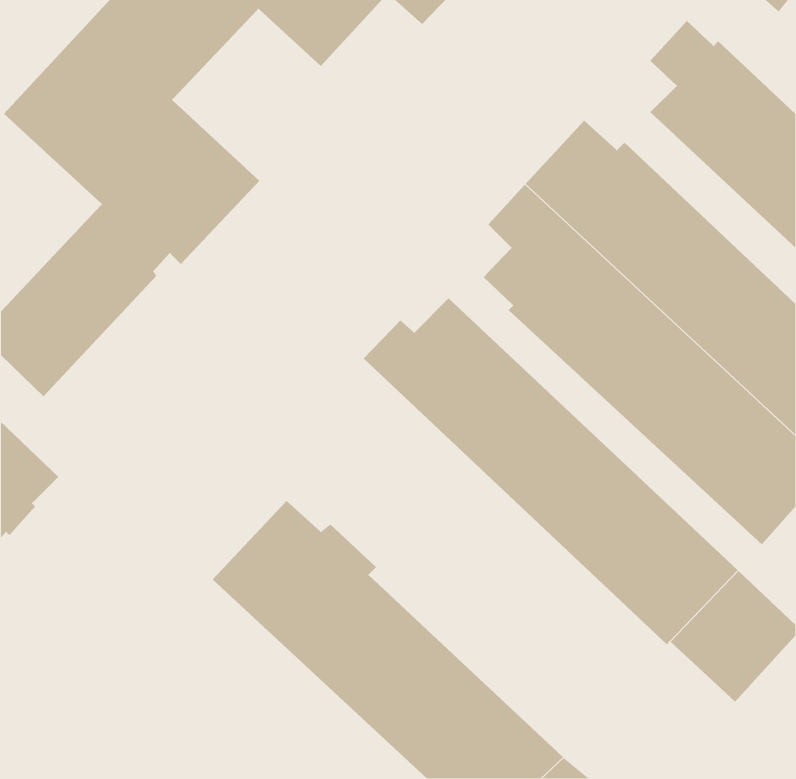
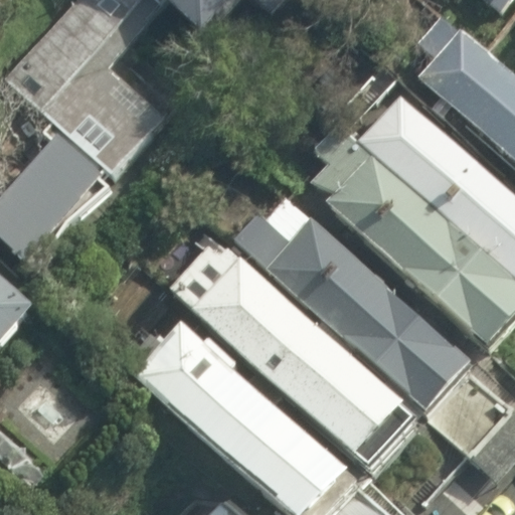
building: none -> [172,244,418,473]

